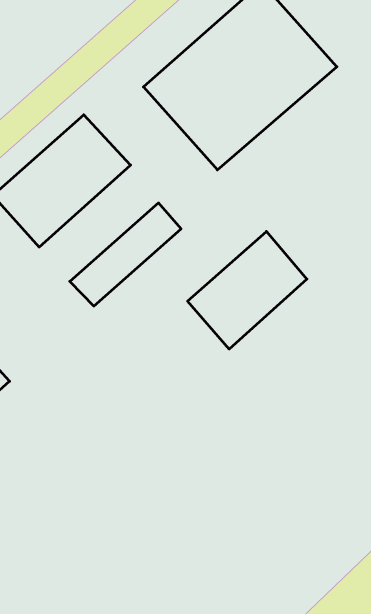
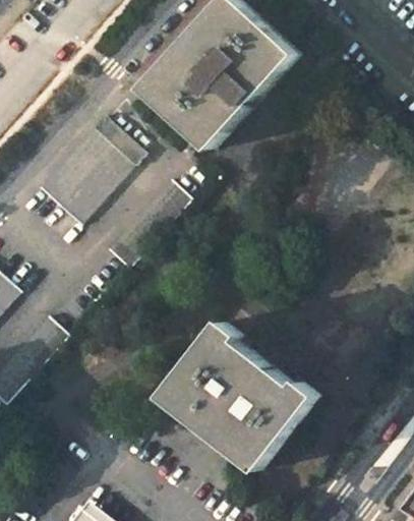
building: [188,231,307,349] -> none
building: none -> [163,325,314,471]

